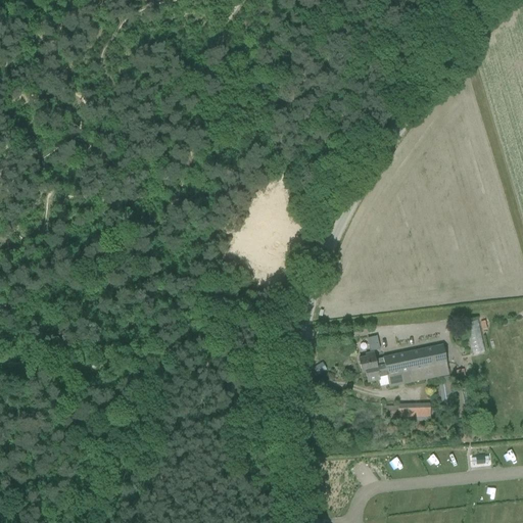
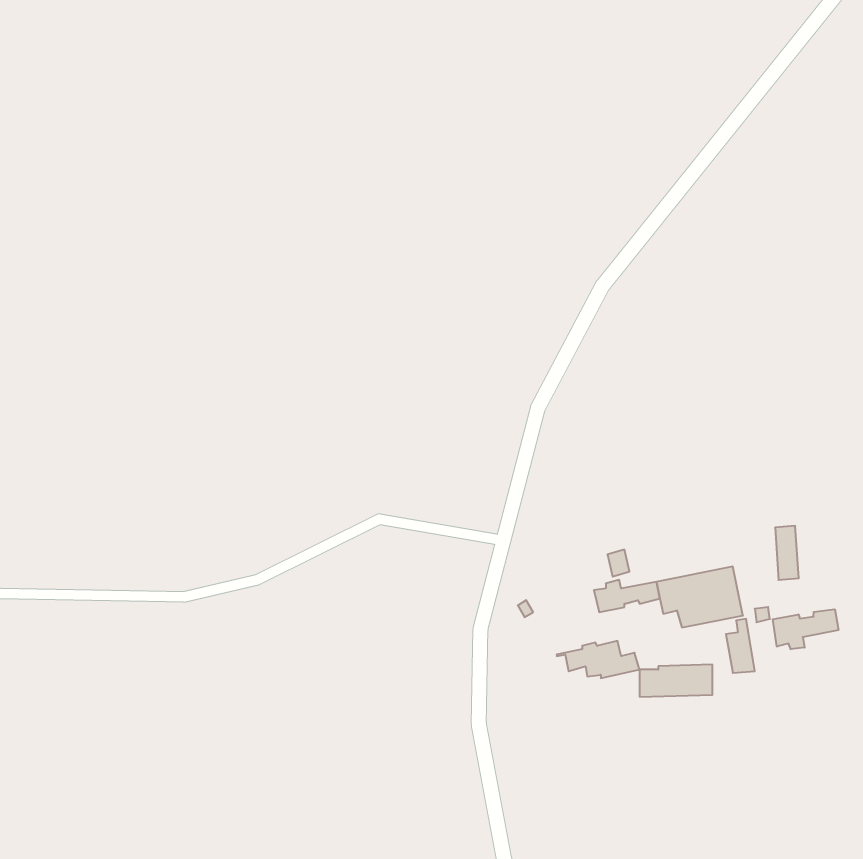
building: [363,362,413,384] -> [557,641,640,678]
building: none -> [773,609,838,649]

